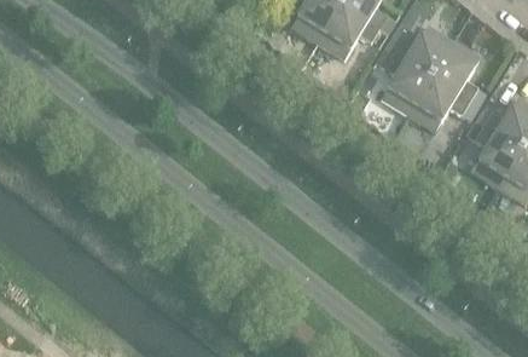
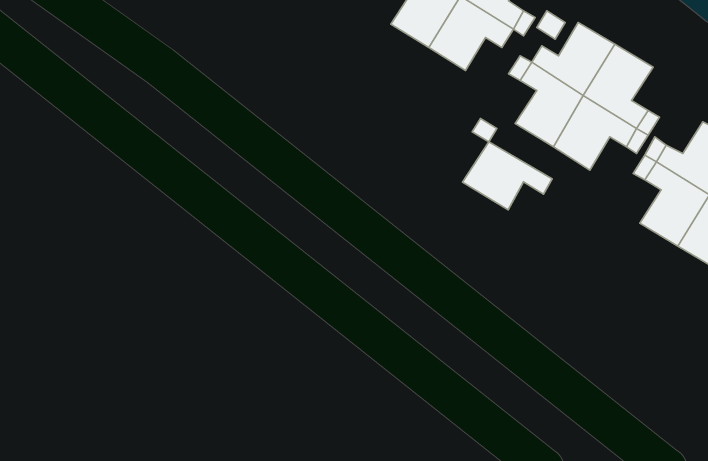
building: none -> [462,142,552,210]

